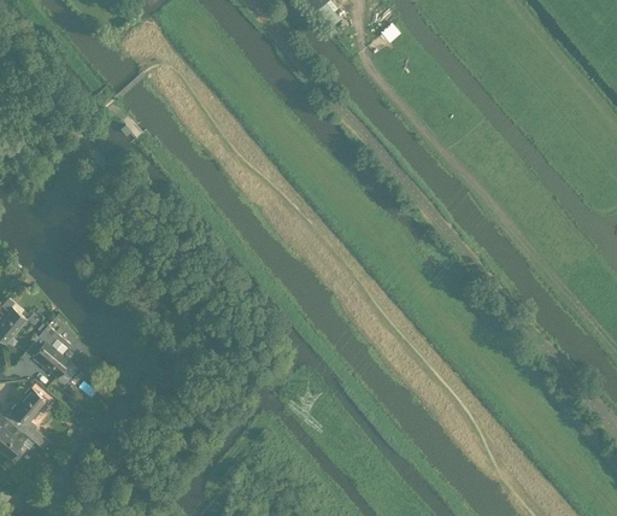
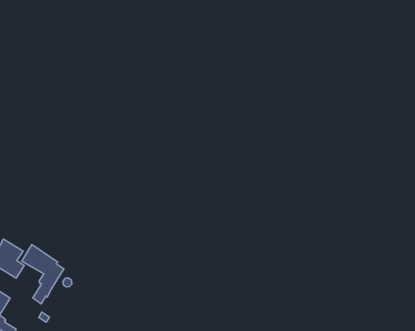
building: none -> [22,245,64,304]

